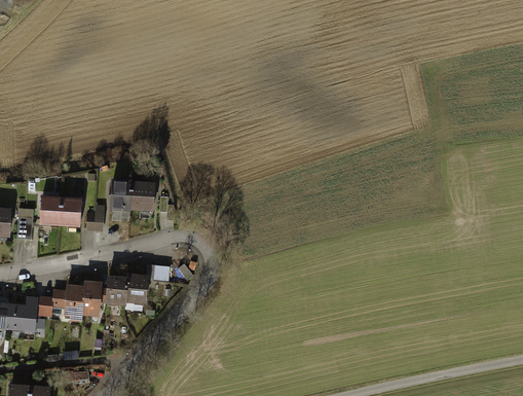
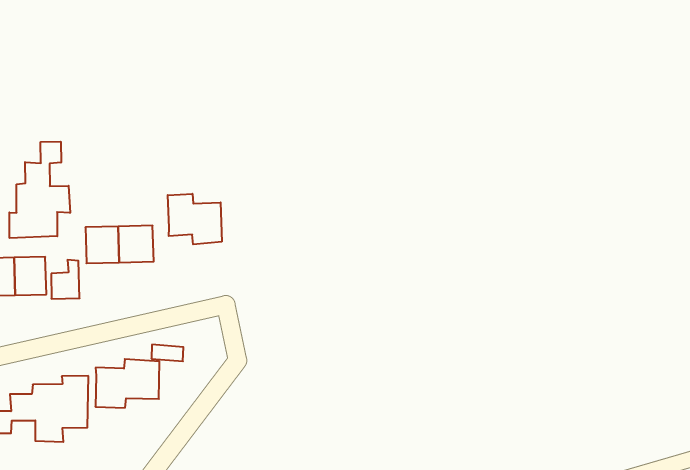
building: none -> [9,142,70,238]
building: none -> [168,194,222,244]

